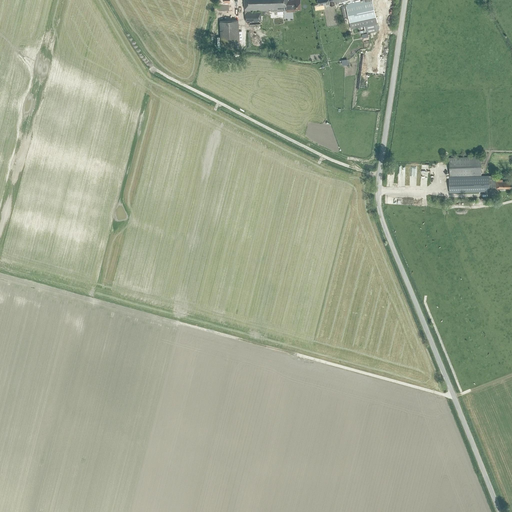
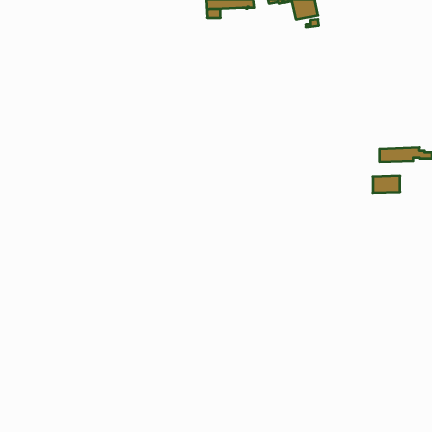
building: [219,20,239,47] -> none
building: [449,155,481,175] -> [373,176,400,193]

